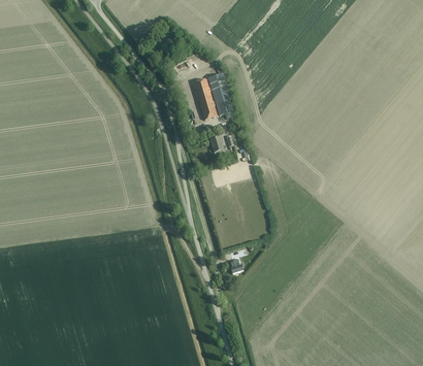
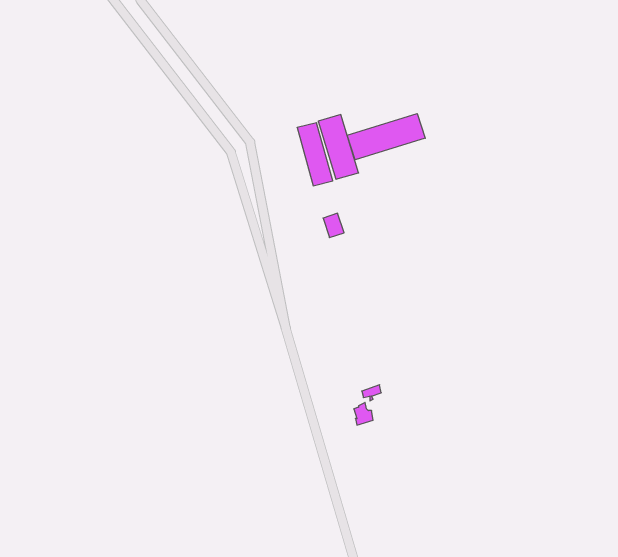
building: none -> [347,114,425,160]

